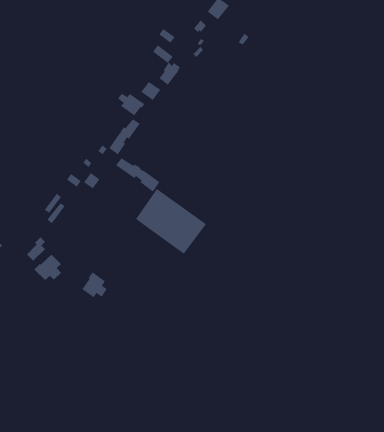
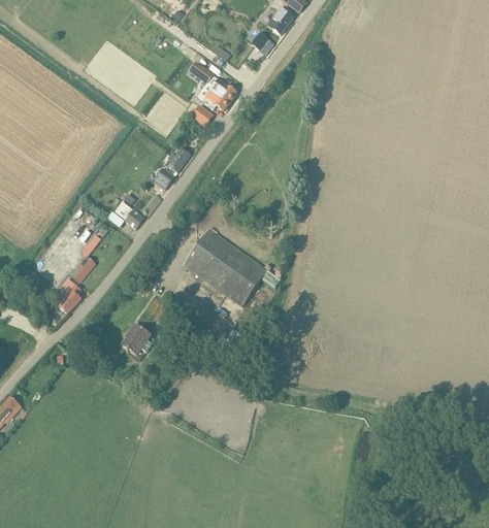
building: [117,93,145,116] -> none
building: [115,157,160,192] -> none
building: [33,254,62,281] -> none

